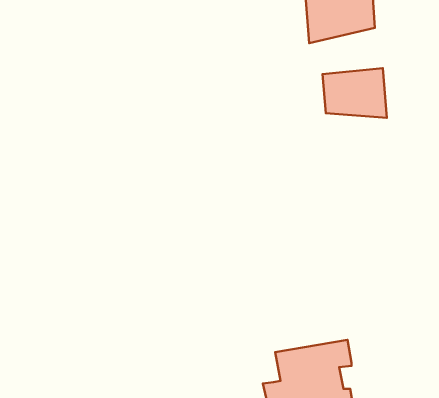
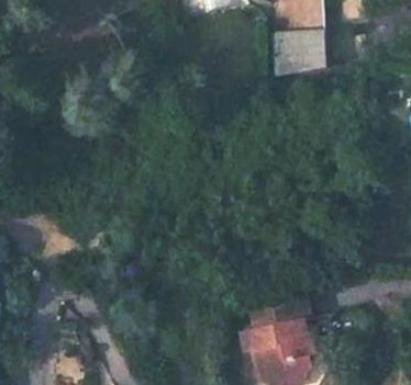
building: [322,68,387,118] -> none

